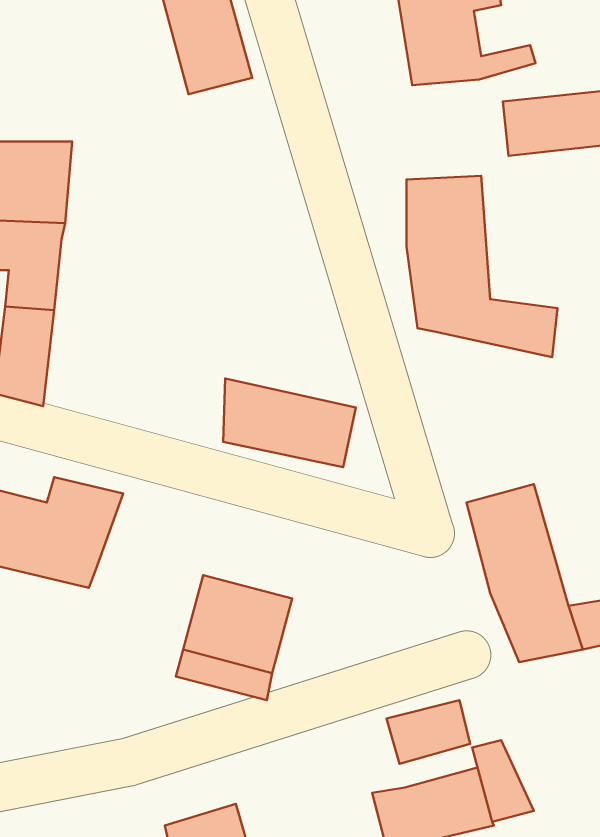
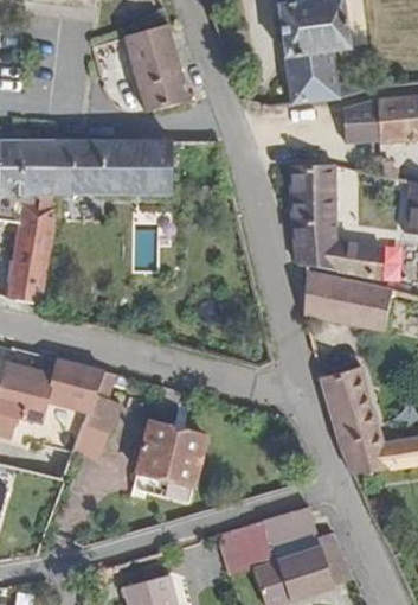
building: none -> [62,139,172,196]
building: [223,378,356,467] -> [296,266,382,324]
building: none -> [82,369,116,429]
building: none -> [230,516,283,571]

